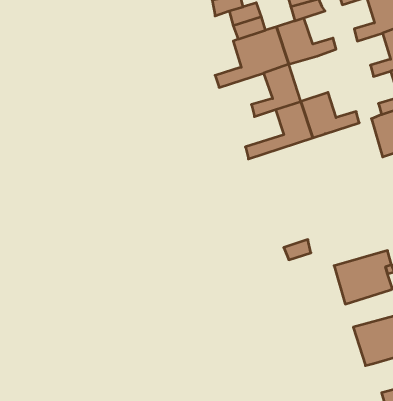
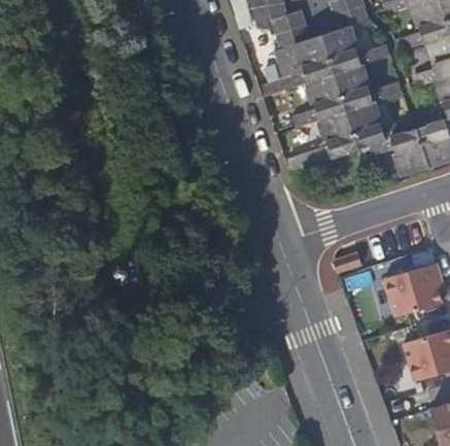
building: none -> [335,65,395,111]
building: none -> [372,129,430,176]

